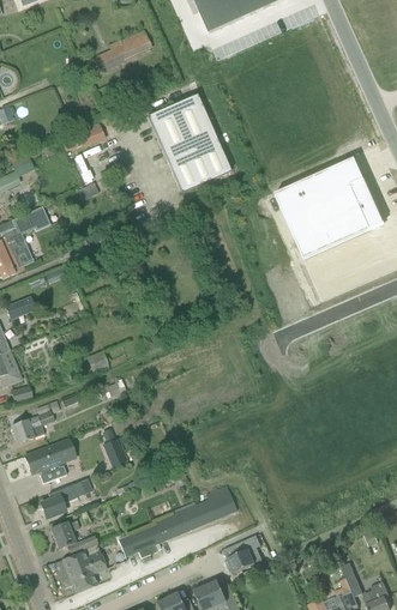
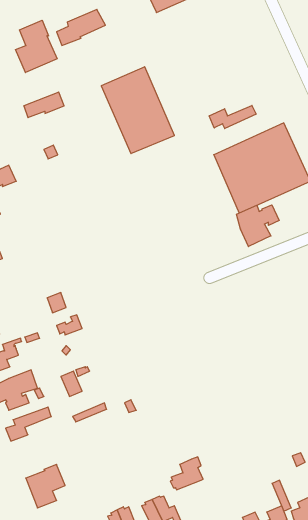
building: none -> [15,20,57,73]
building: none -> [209,105,256,129]
building: none -> [236,205,279,247]
building: [118,484,237,556] -> none
building: [50,519,98,552] -> none

